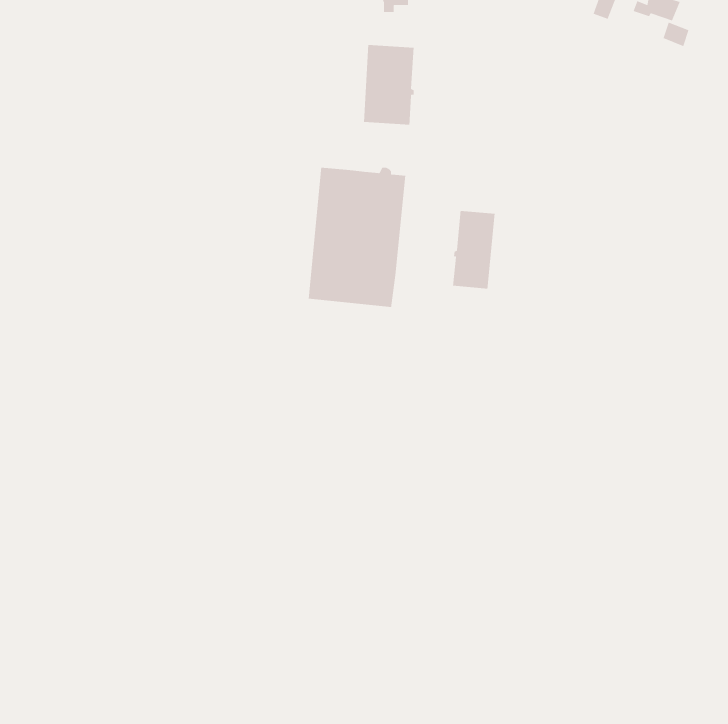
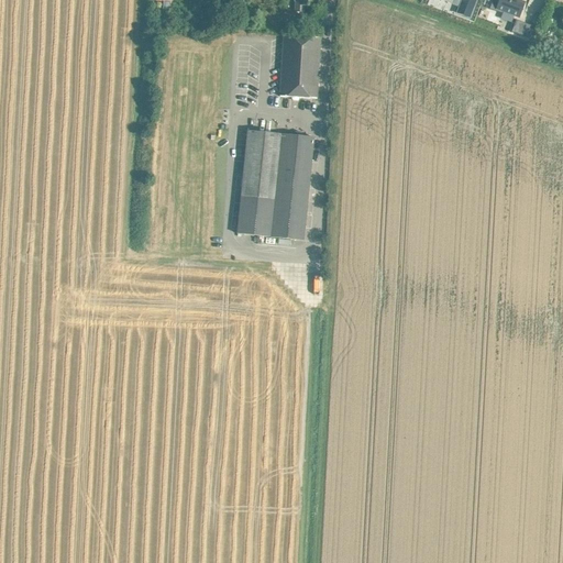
building: [452,210,496,289] -> none

